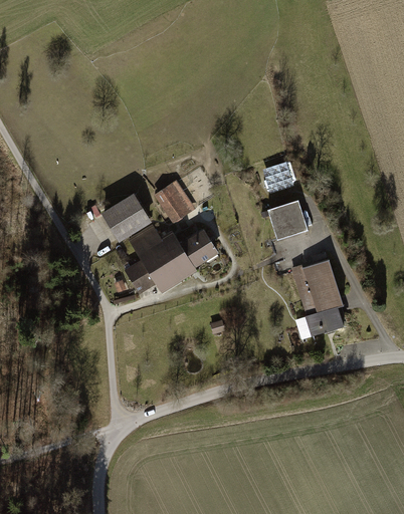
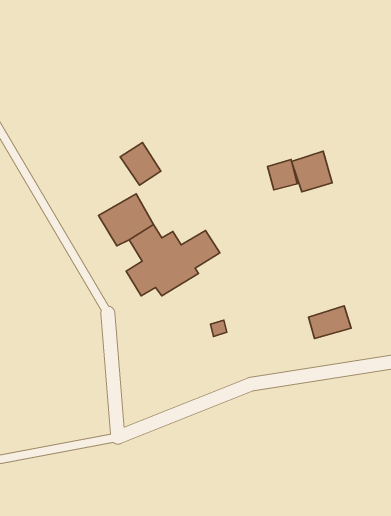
building: [153,180,193,222] -> [120,143,161,185]
building: [267,200,308,240] -> [292,151,332,192]
building: [290,258,342,315] -> none

